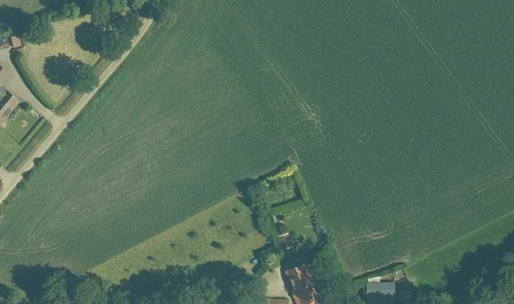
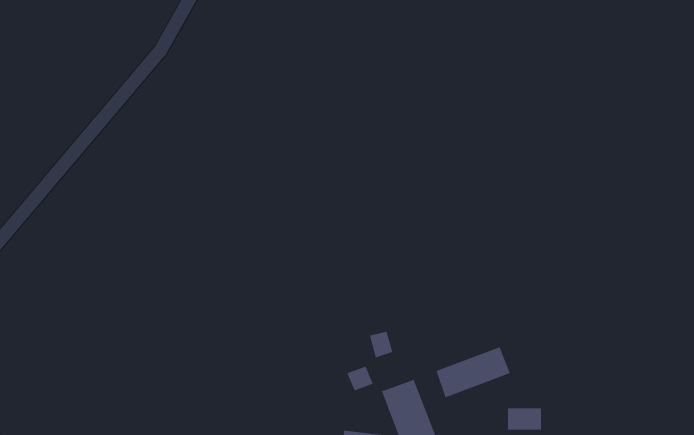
building: none -> [436,347,511,398]

